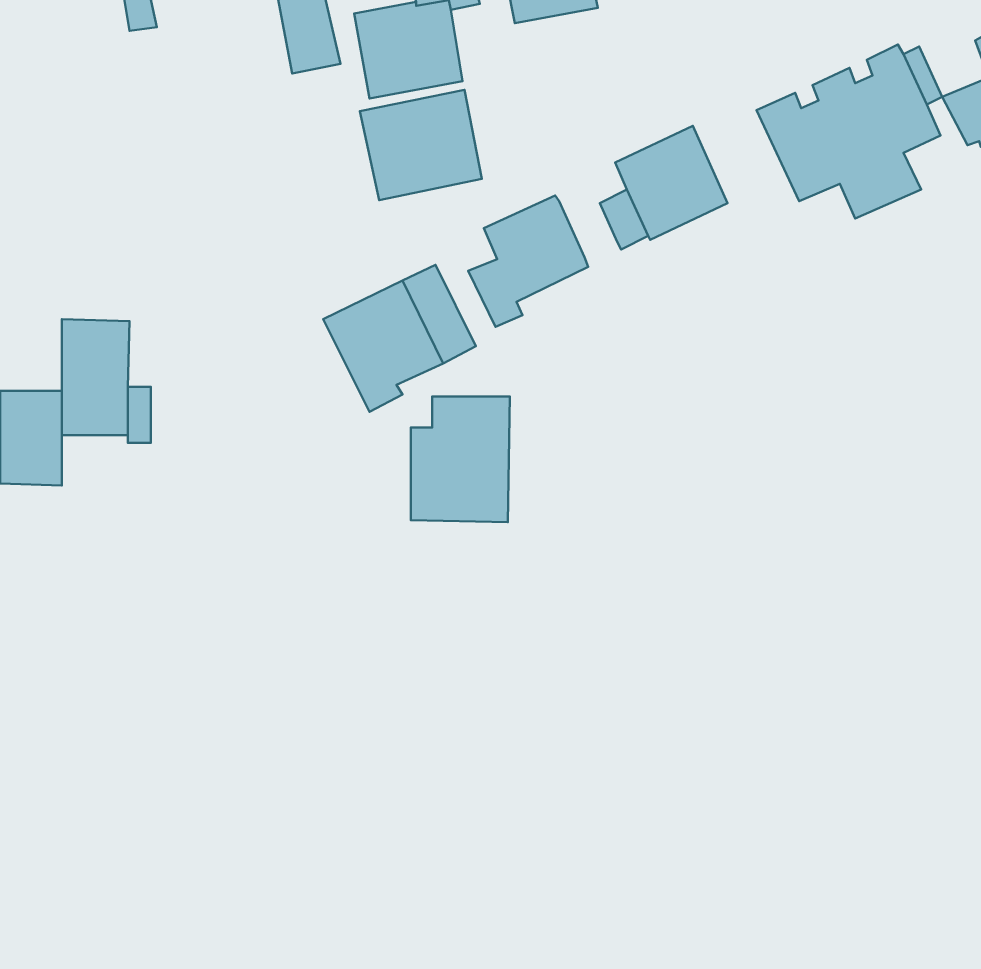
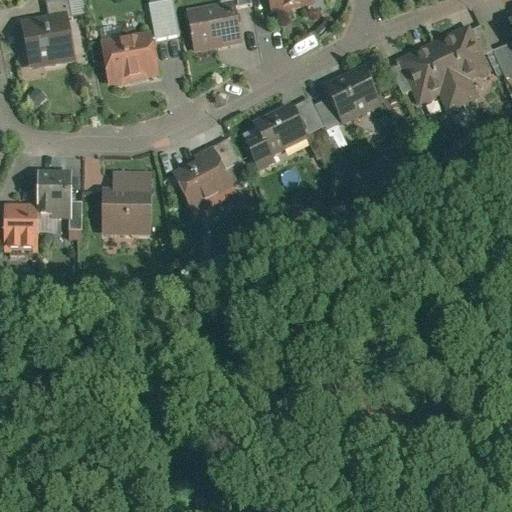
building: none -> [20,11,76,70]
building: [360,90,482,200] -> [97,29,160,86]
building: none -> [293,96,323,133]
building: [411,397,510,522] -> [102,171,153,236]

